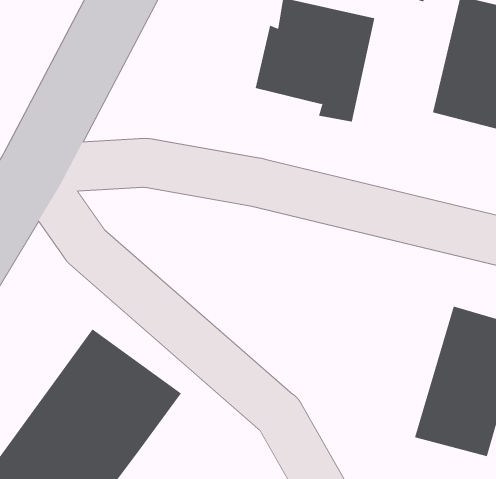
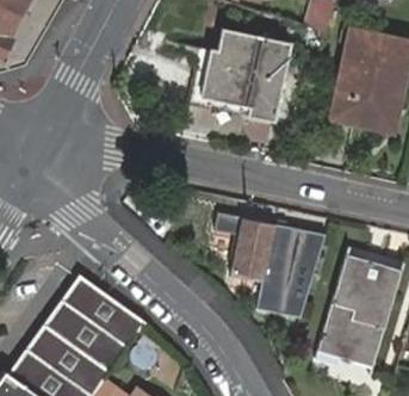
building: none -> [215,212,326,321]

